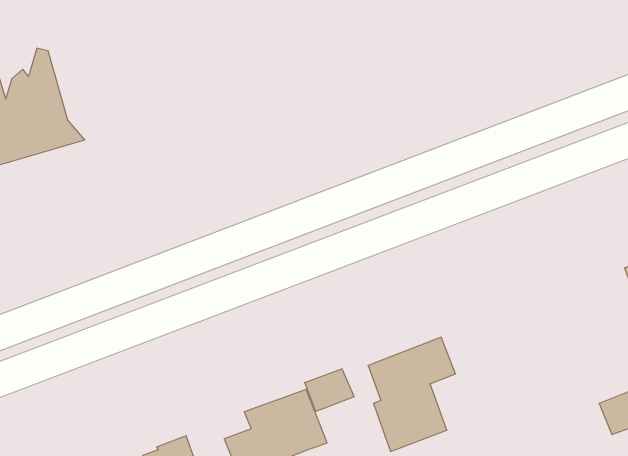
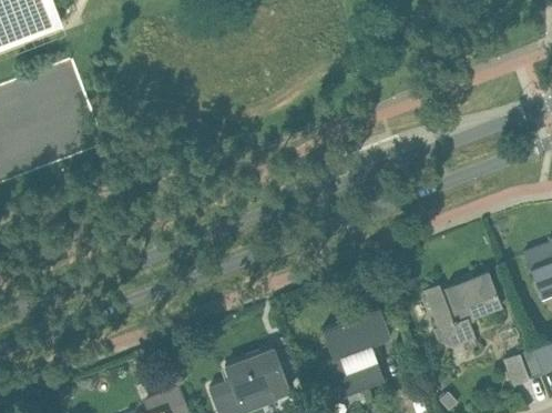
building: none -> [423,272,500,345]
building: [305,369,354,411] -> none

